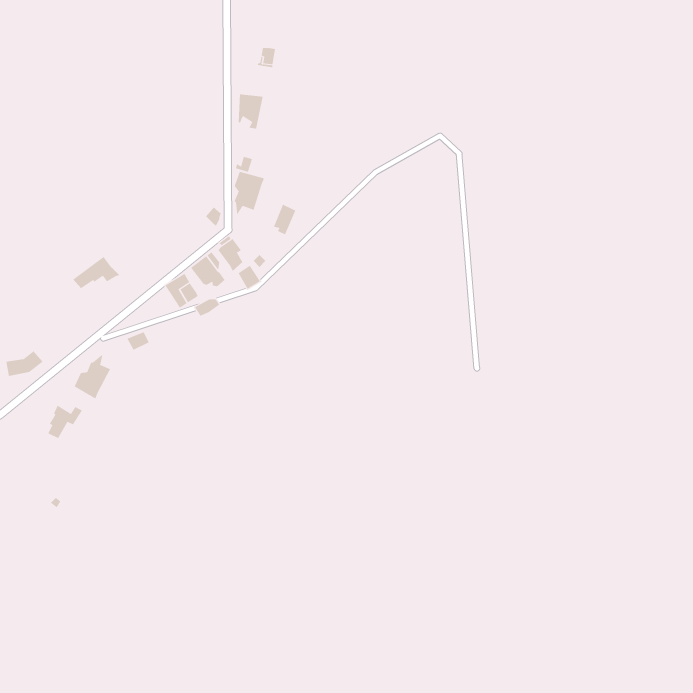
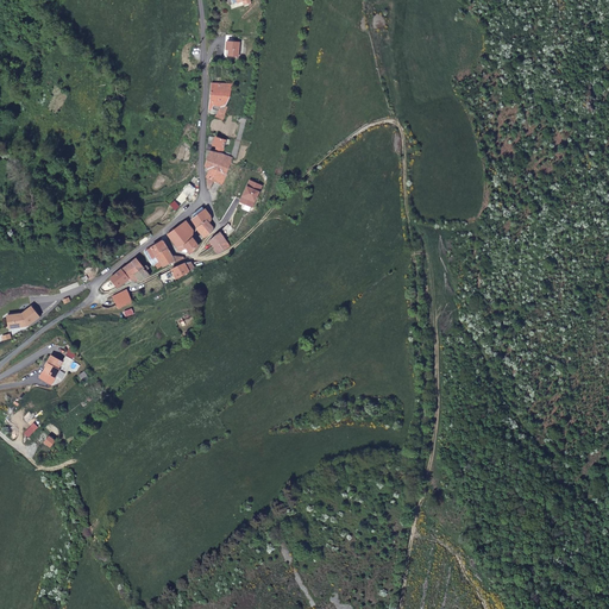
building: [73,256,120,289] -> [108,257,150,285]
building: [74,354,111,400] -> none

